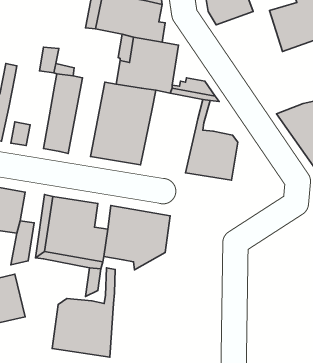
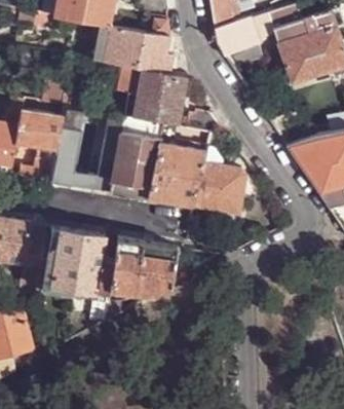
building: none -> [16,109,63,147]
building: none -> [149,143,206,206]
building: [52,268,115,357] -> none

